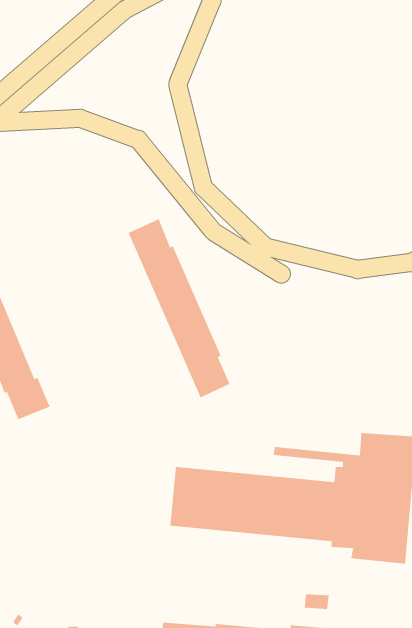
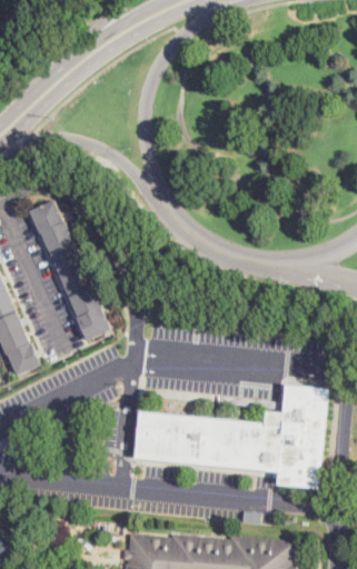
building: [128,219,230,398] -> [29,199,109,340]

